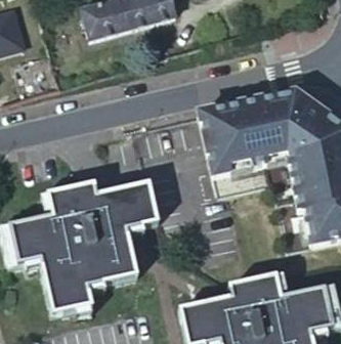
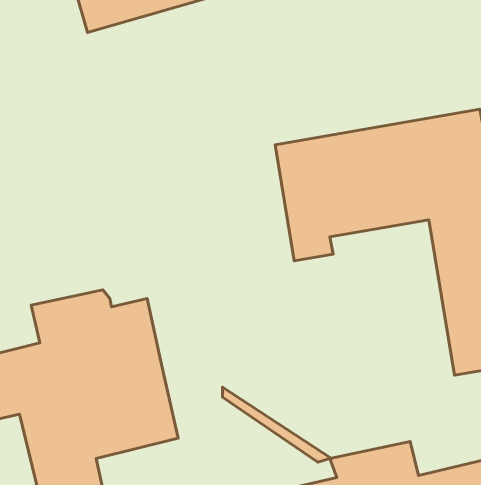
building: [123,191,162,236] -> none

